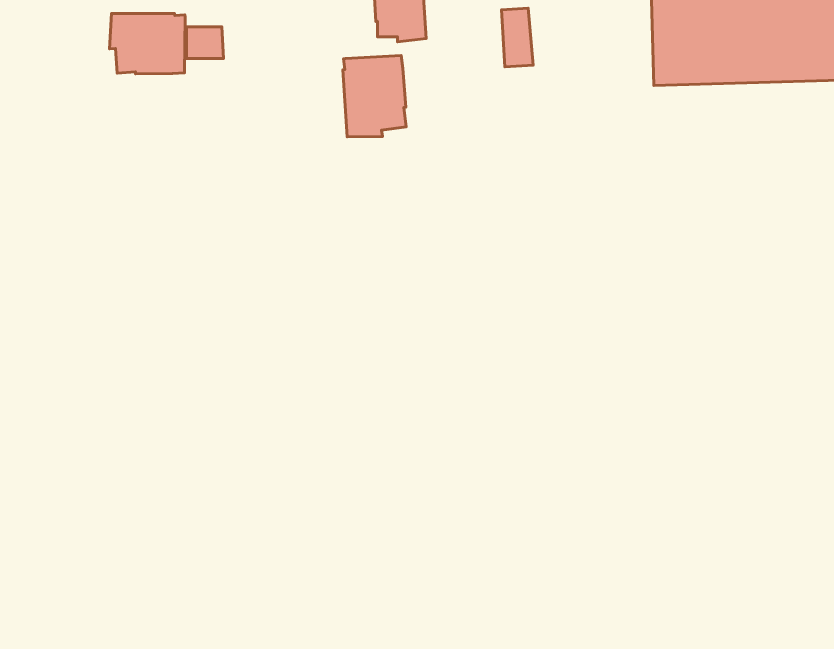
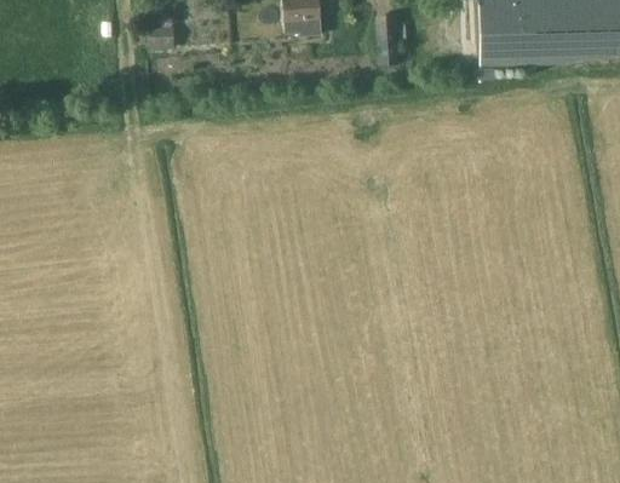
building: [109,13,185,74] -> none
building: [343,56,406,137] -> none

